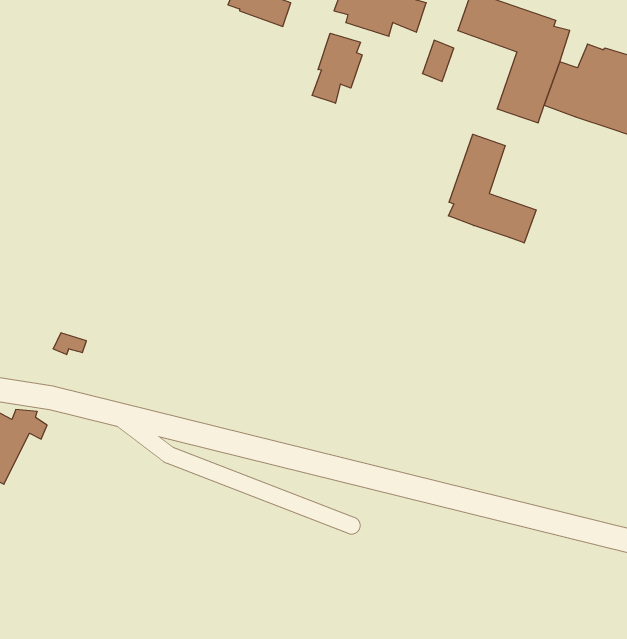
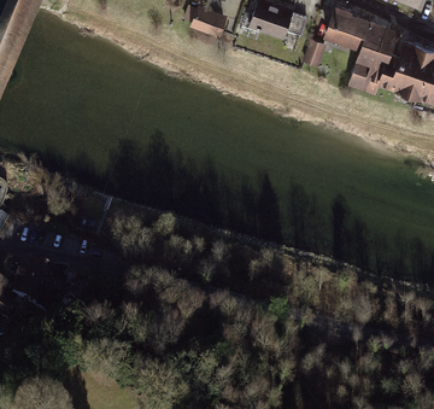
building: [312,33,362,103] -> none
building: [448,134,536,243] -> none

